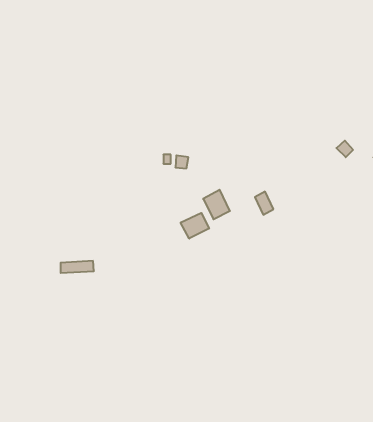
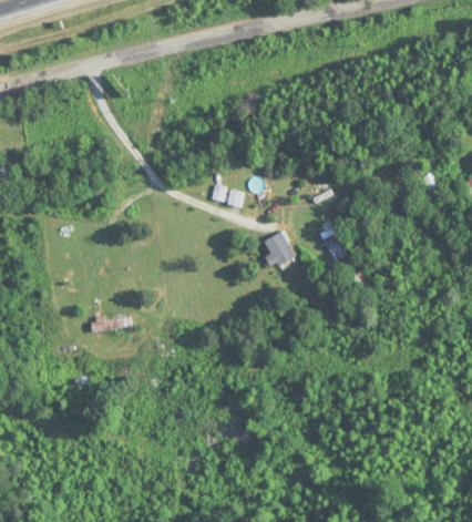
building: [181,213,209,239] -> none

